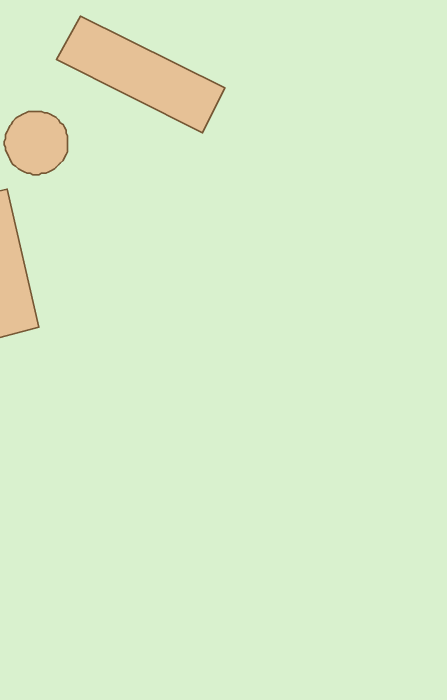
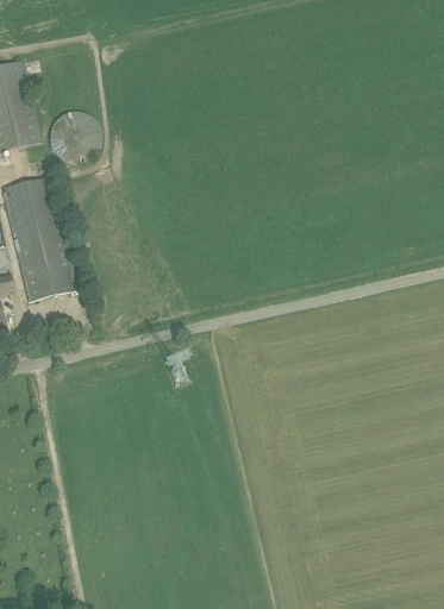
building: [57,16,225,133] -> none

